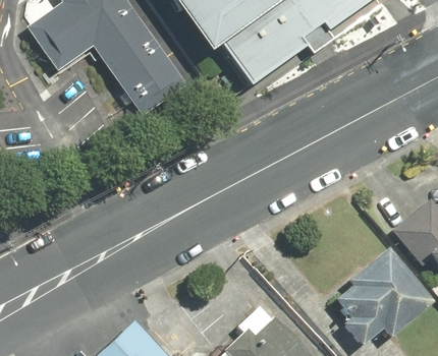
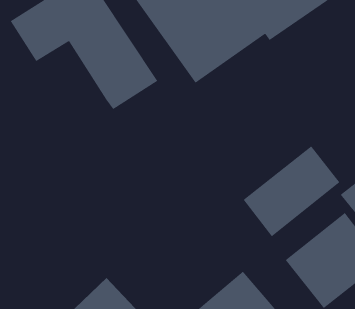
building: none -> [243,146,340,237]

